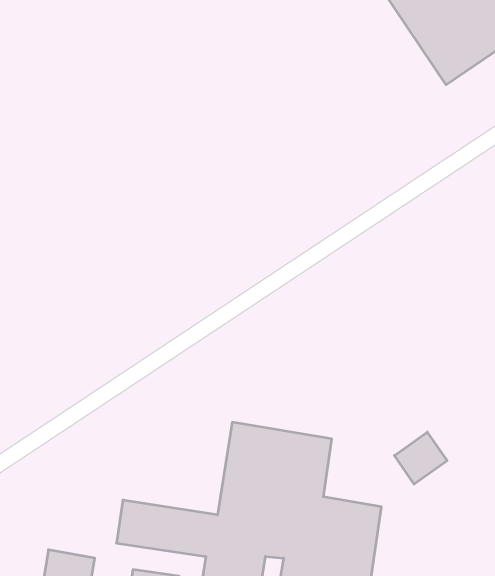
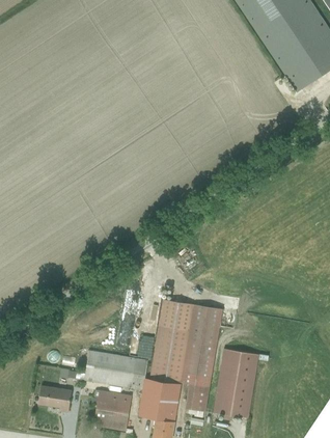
building: [394,432,447,484] -> none

